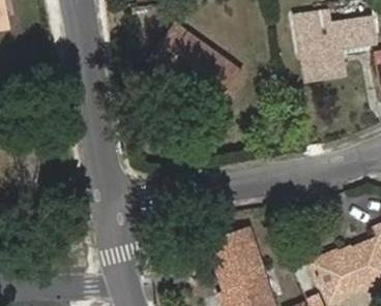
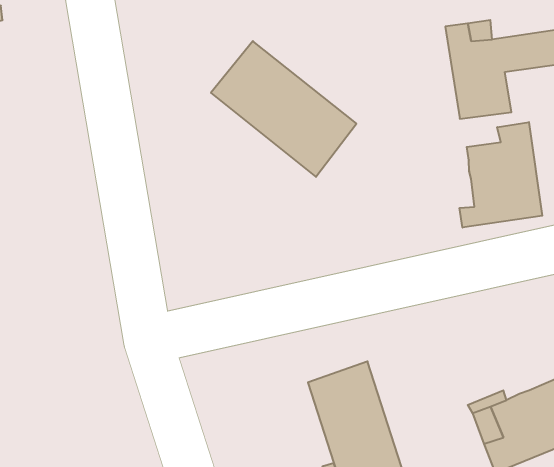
building: none -> [460,122,542,228]

